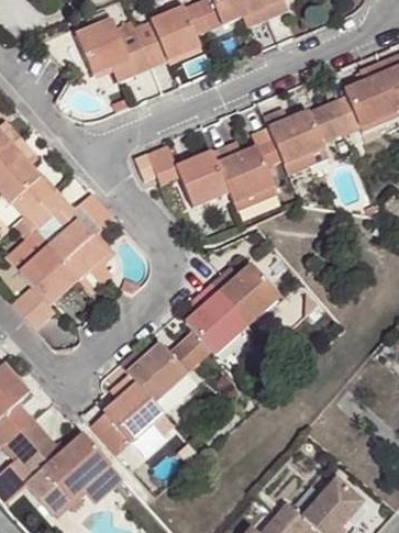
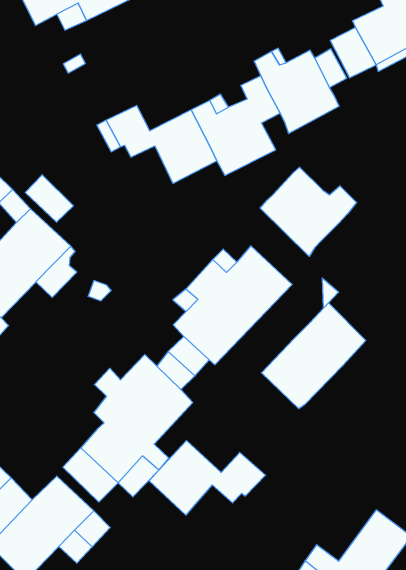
building: none -> [260,167,357,256]
building: none -> [261,303,366,409]
building: none -> [149,441,266,515]

